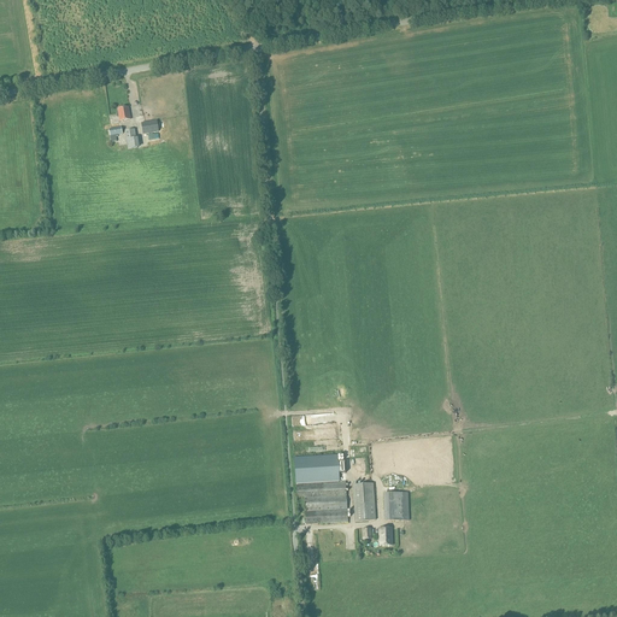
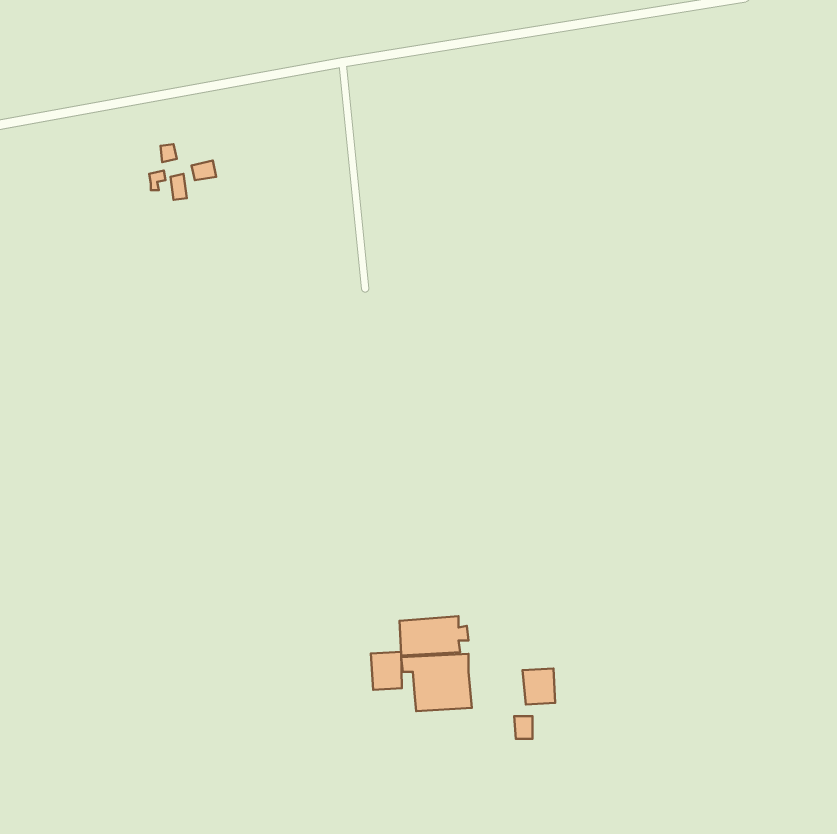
building: none -> [371,652,402,690]
building: [353,482,375,518] -> none

